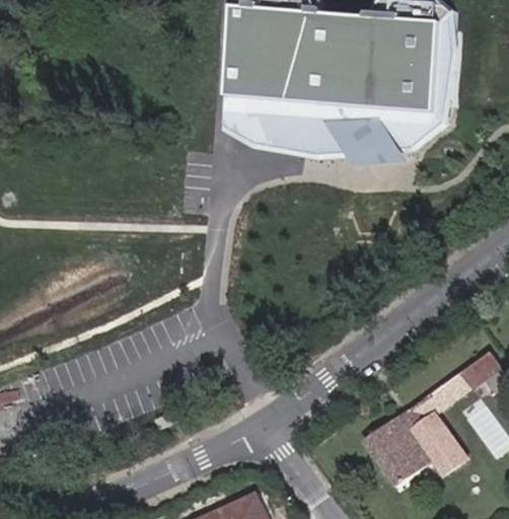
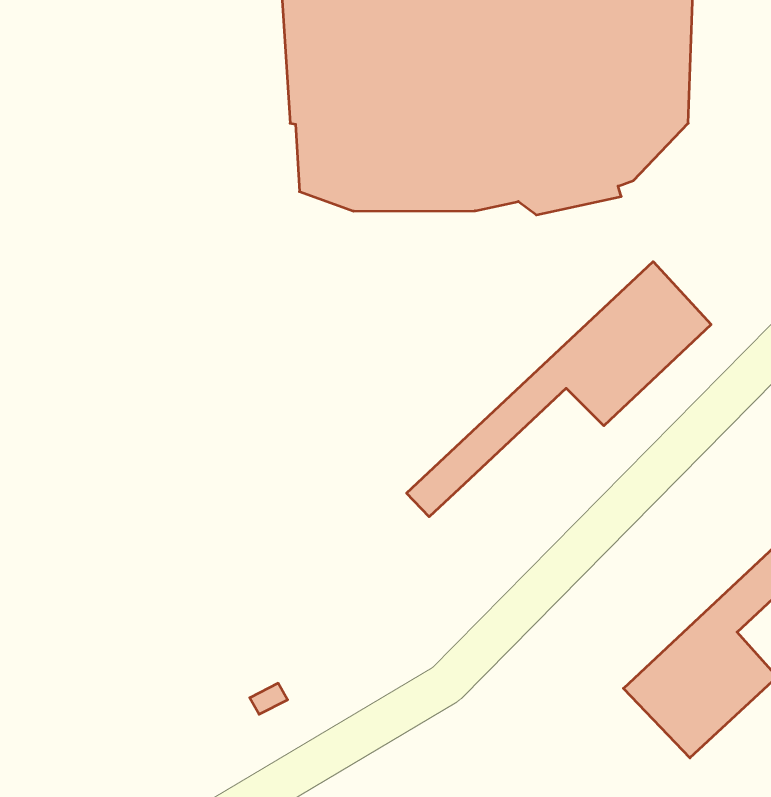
building: none -> [407,262,711,517]

